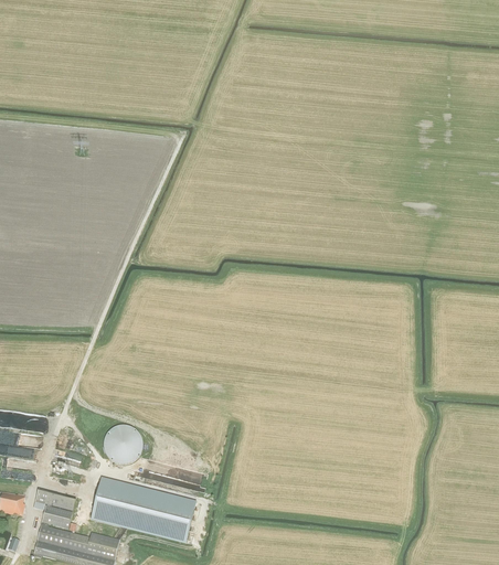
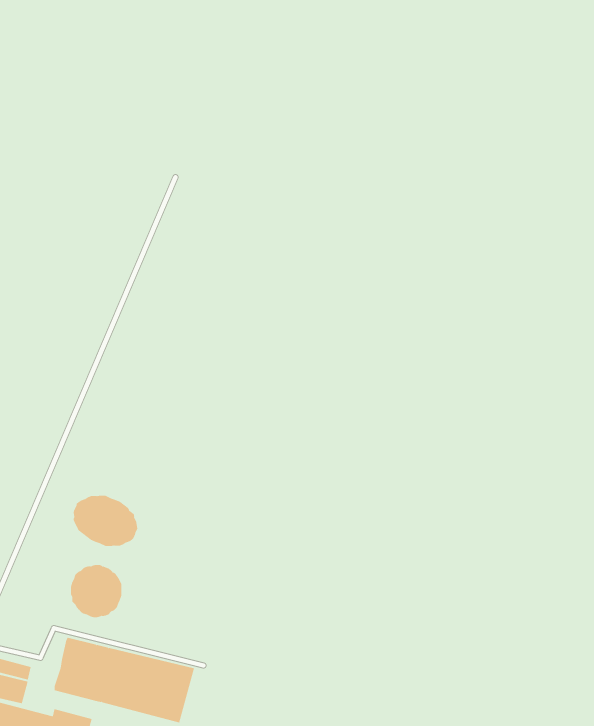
building: none -> [73,495,138,547]

